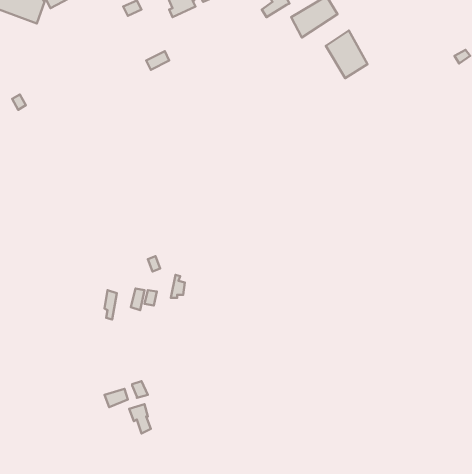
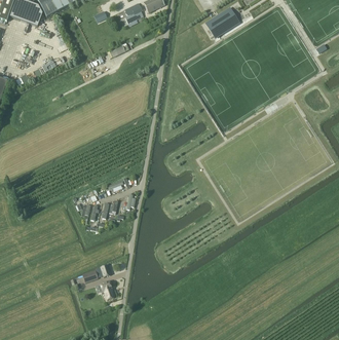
building: [326,31,367,78] -> none

